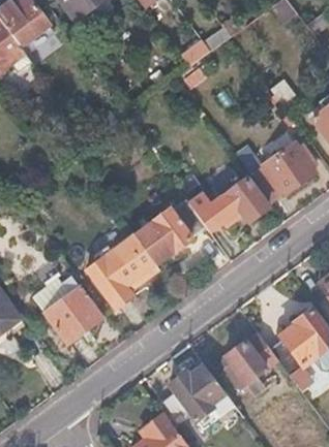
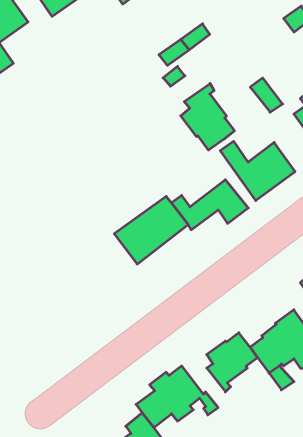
building: none -> [181,83,234,150]
building: [87,241,147,308] -> none
building: [33,275,103,342] -> none

